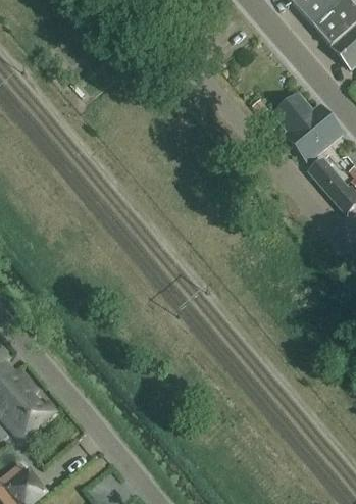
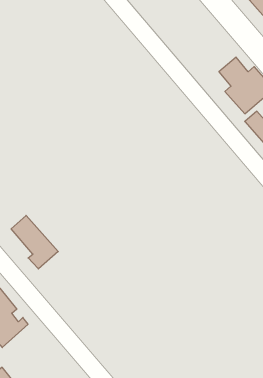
building: none -> [11,215,58,269]

